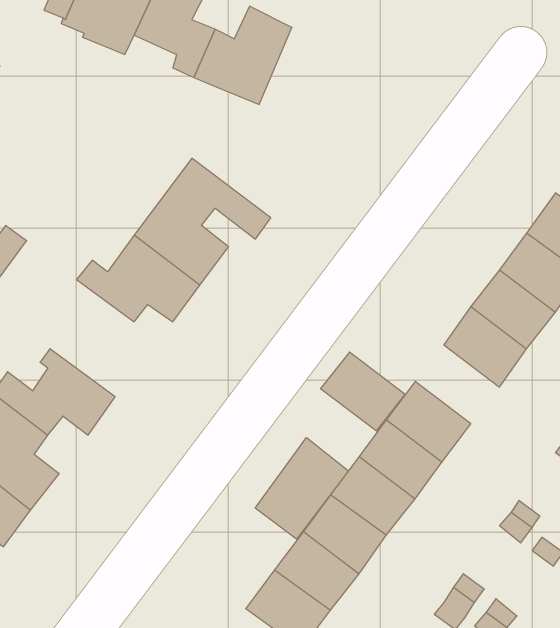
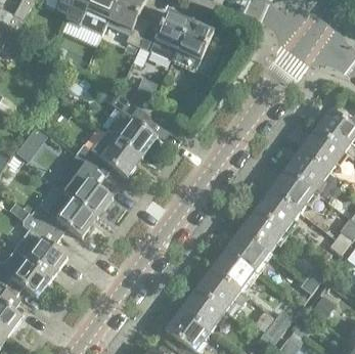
building: none -> [172,20,220,77]
building: none -> [52,154,110,217]
building: [321,352,405,431] -> [255,189,300,231]
building: [255,438,348,539] -> none

